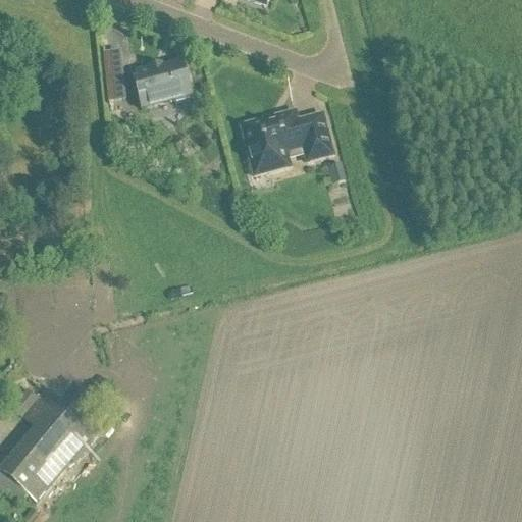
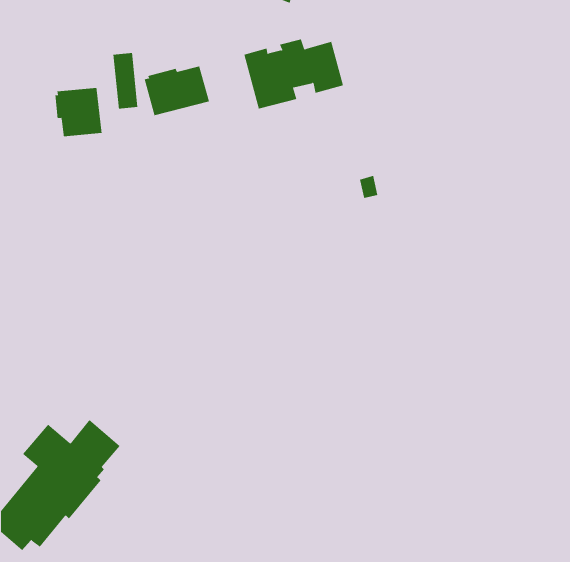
building: none -> [55,87,102,137]
building: [242,108,333,172] -> [244,39,344,109]

